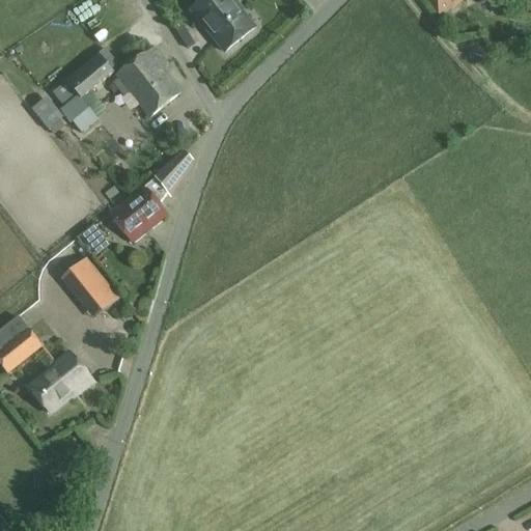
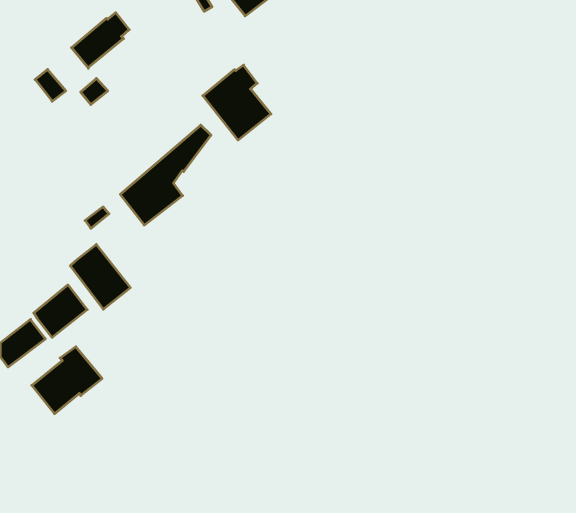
building: [116,46,178,114] -> [203,65,271,140]
building: [53,80,89,120] -> none
building: none -> [34,285,87,337]

